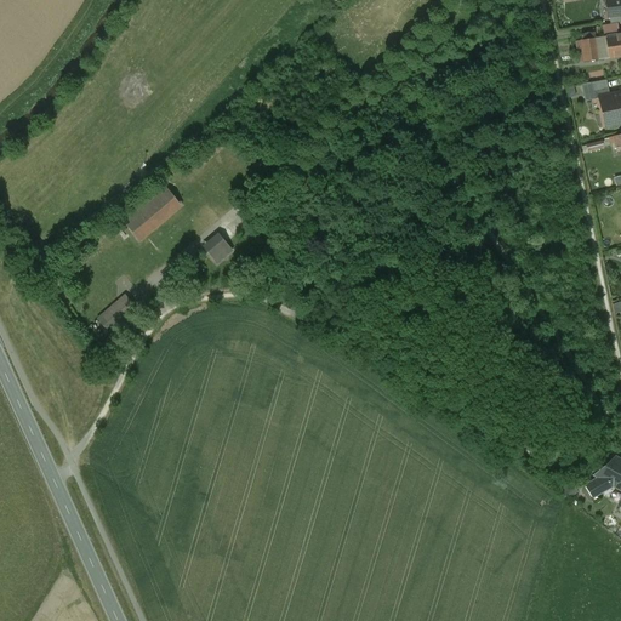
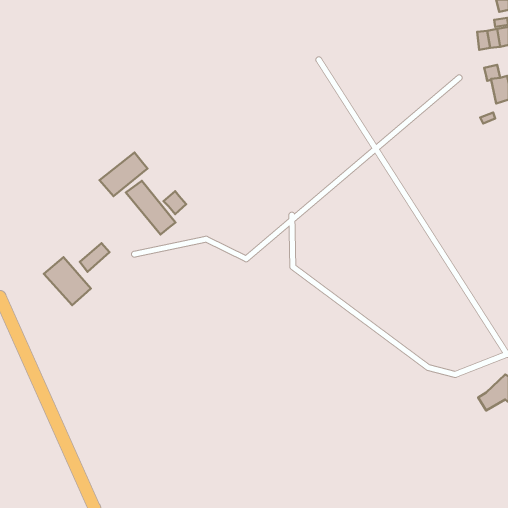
building: none -> [126,181,175,234]
building: none -> [44,257,91,305]

